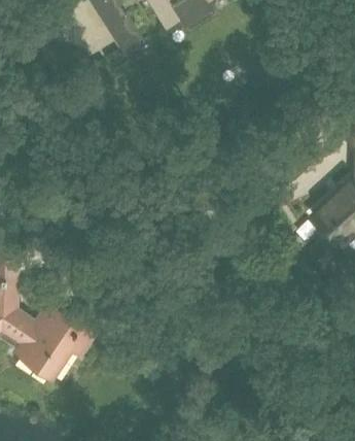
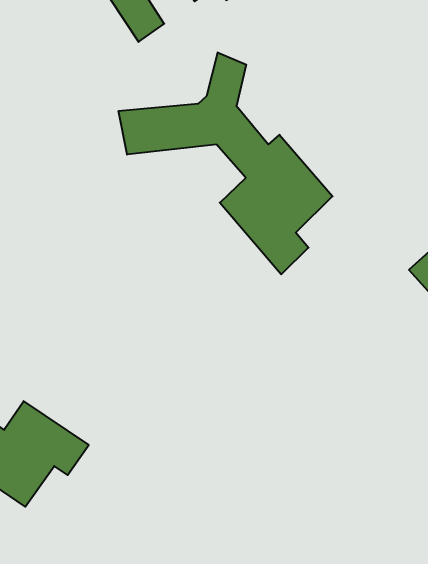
building: none -> [119,52,333,274]

